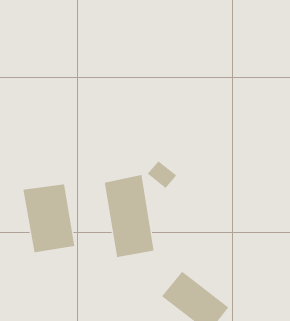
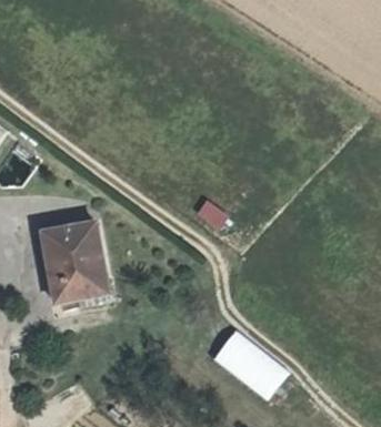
building: [104,174,154,258] -> none

